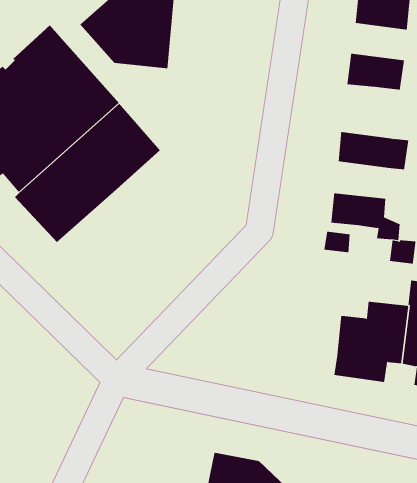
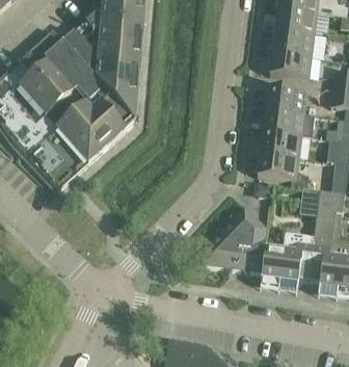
building: none -> [272,30,314,57]
building: none -> [62,31,139,123]
building: none -> [265,87,306,114]
building: none -> [260,131,301,158]
building: none -> [200,206,267,272]

